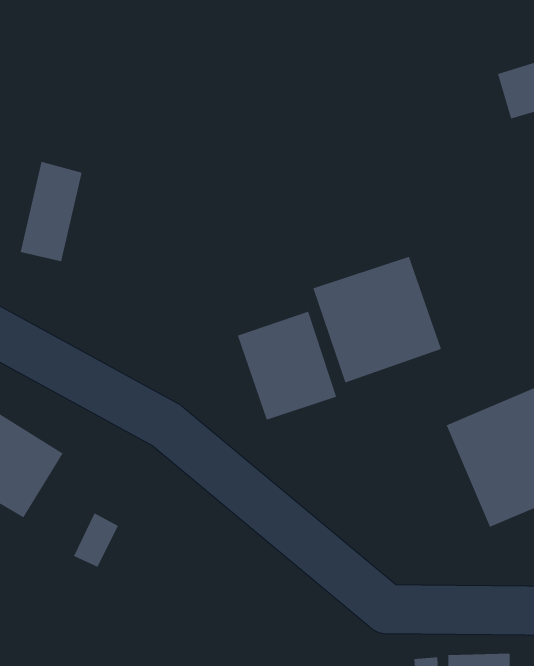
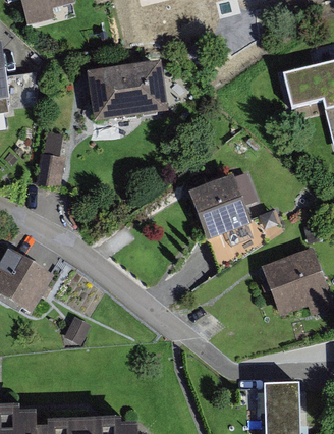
building: none -> [93,58,177,120]
building: [237,311,337,420] -> none

